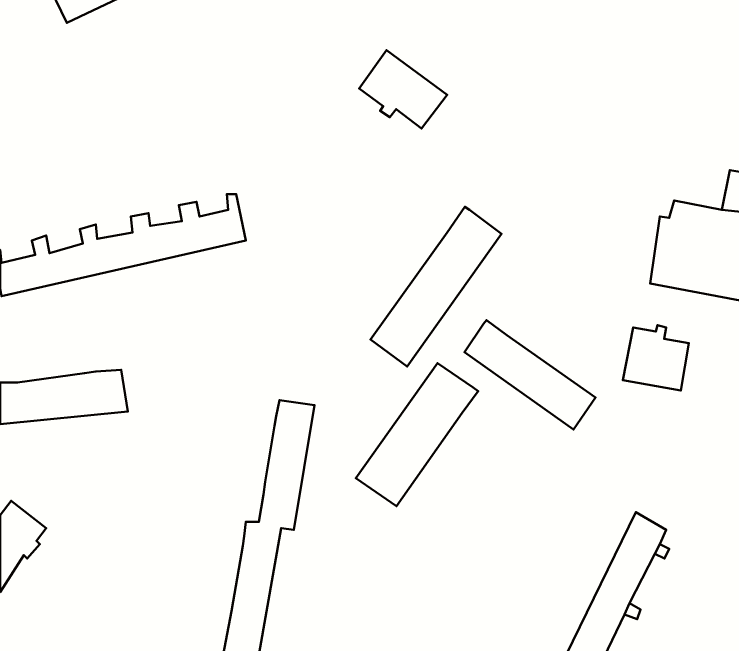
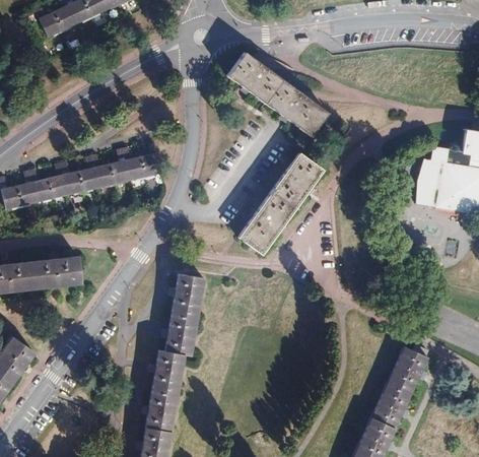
building: none -> [272,82,336,140]
building: [464,320,595,430] -> none
building: [623,325,689,391] -> none
building: [356,363,478,506] -> none

